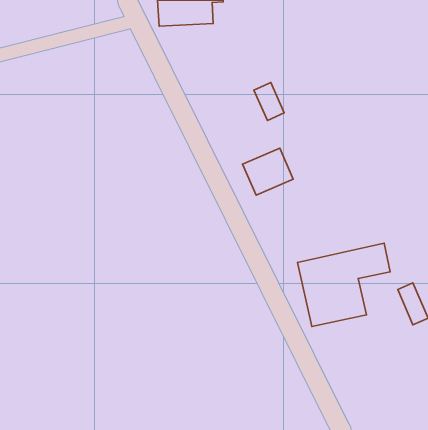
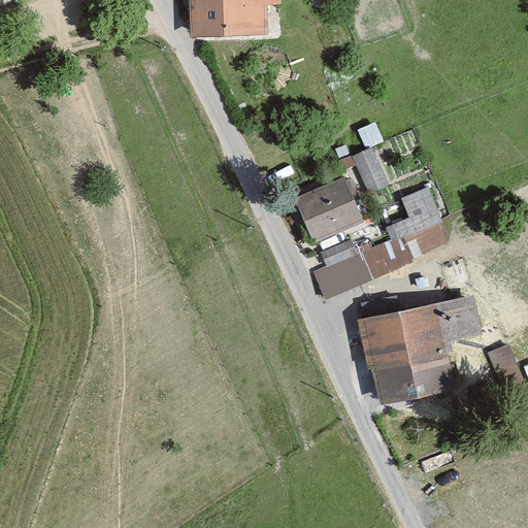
building: [254,83,284,120] -> [351,145,388,192]
building: none -> [308,185,451,295]

